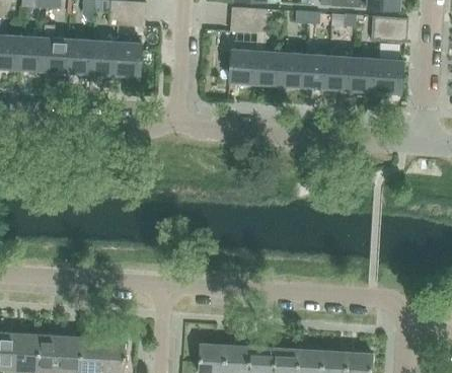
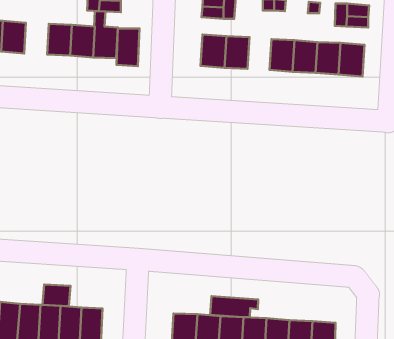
building: [43,25,69,71] -> none
building: none -> [116,28,139,66]
building: [279,53,304,87] -> none
building: none -> [43,284,70,306]
building: none -> [210,296,258,317]

